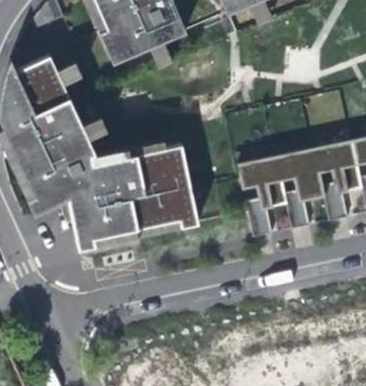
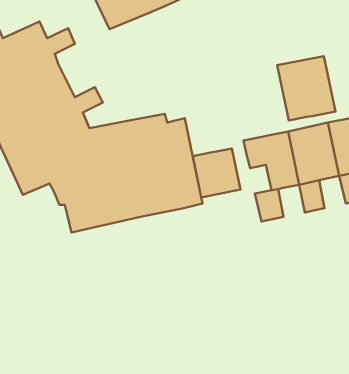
building: none -> [277,56,336,121]
building: none -> [193,148,240,197]

